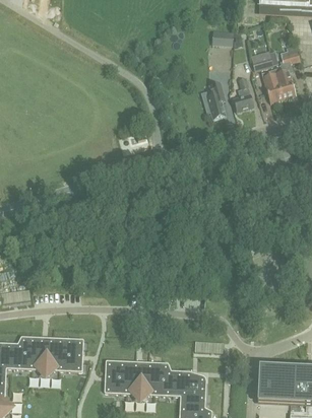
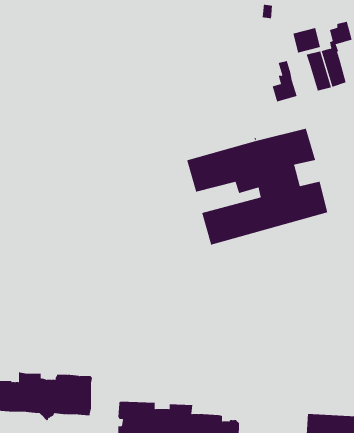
building: [200,82,225,119] -> none
building: none -> [186,128,328,245]

